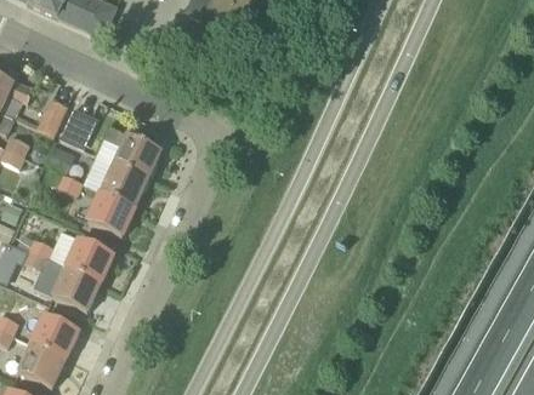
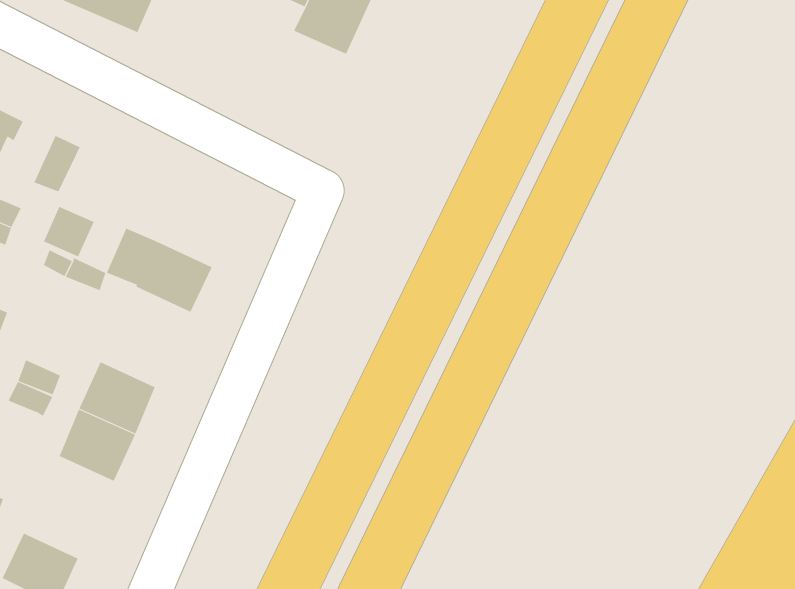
building: [58,107,97,149] -> none
building: [93,125,160,179] -> none
building: [86,191,134,236] -> none
building: [30,314,78,359] -> none

